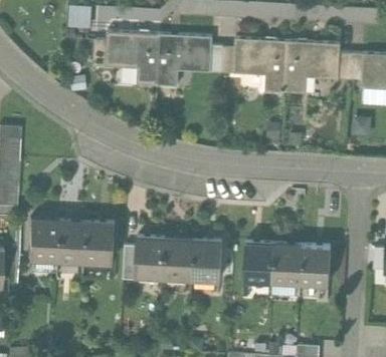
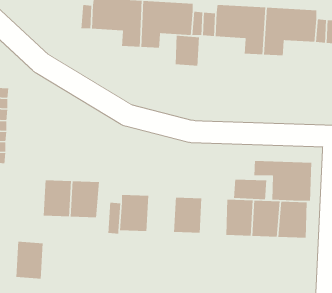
building: none -> [175,35,200,67]
building: none -> [254,160,312,202]
building: [29,221,58,261] -> [16,241,44,279]
building: none -> [233,179,267,200]
building: [165,239,194,278] -> none

